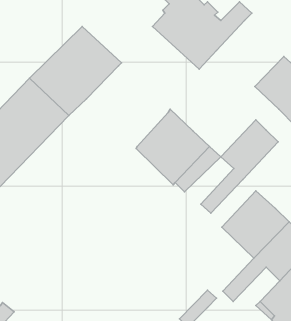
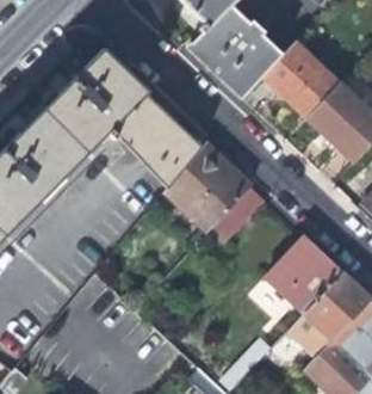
building: none -> [261,38,339,115]
building: none -> [111,91,205,184]
building: [201,120,278,213] -> none

